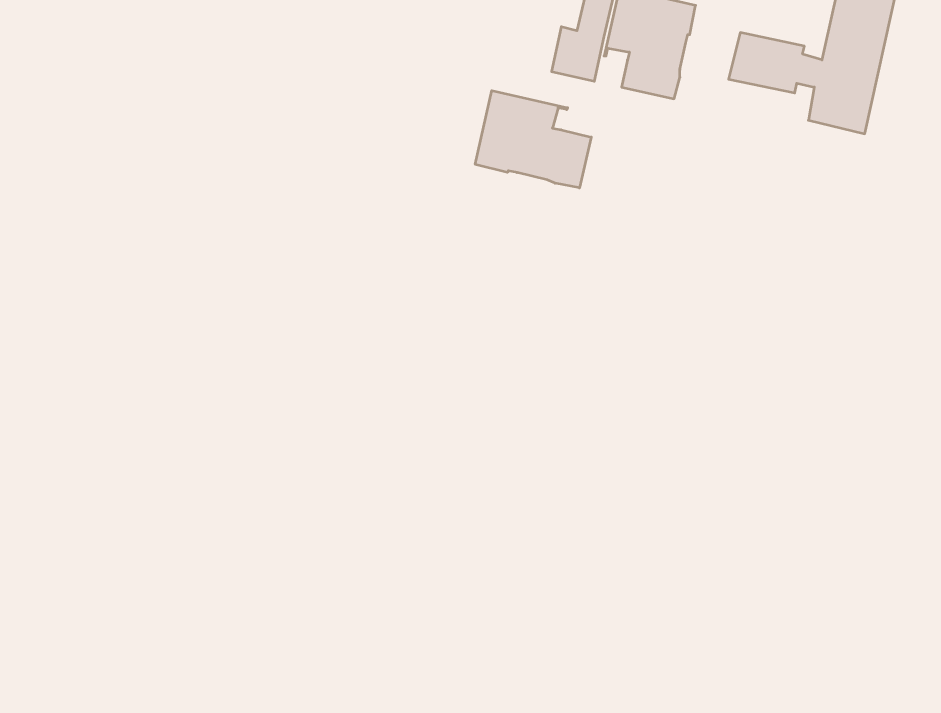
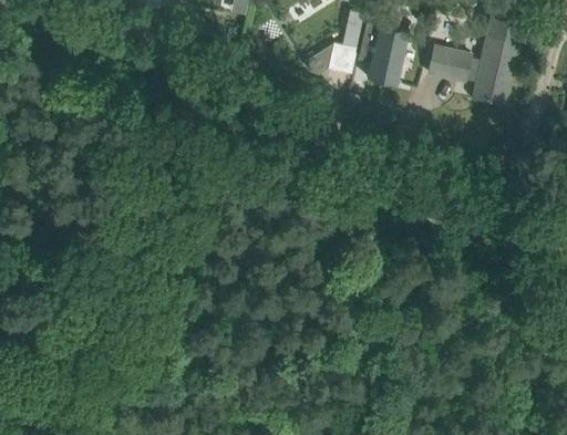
building: [475,91,591,188] -> none

